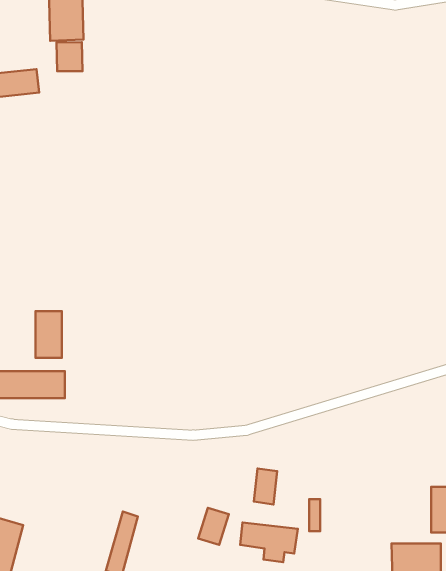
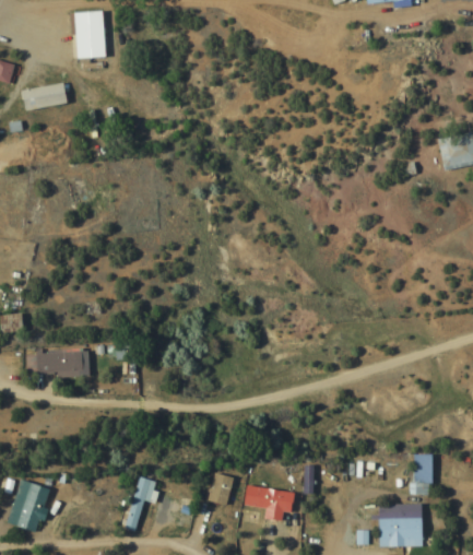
building: [56,42,83,71] -> none
building: [35,311,62,358] -> none
building: [254,468,277,504] -> none

